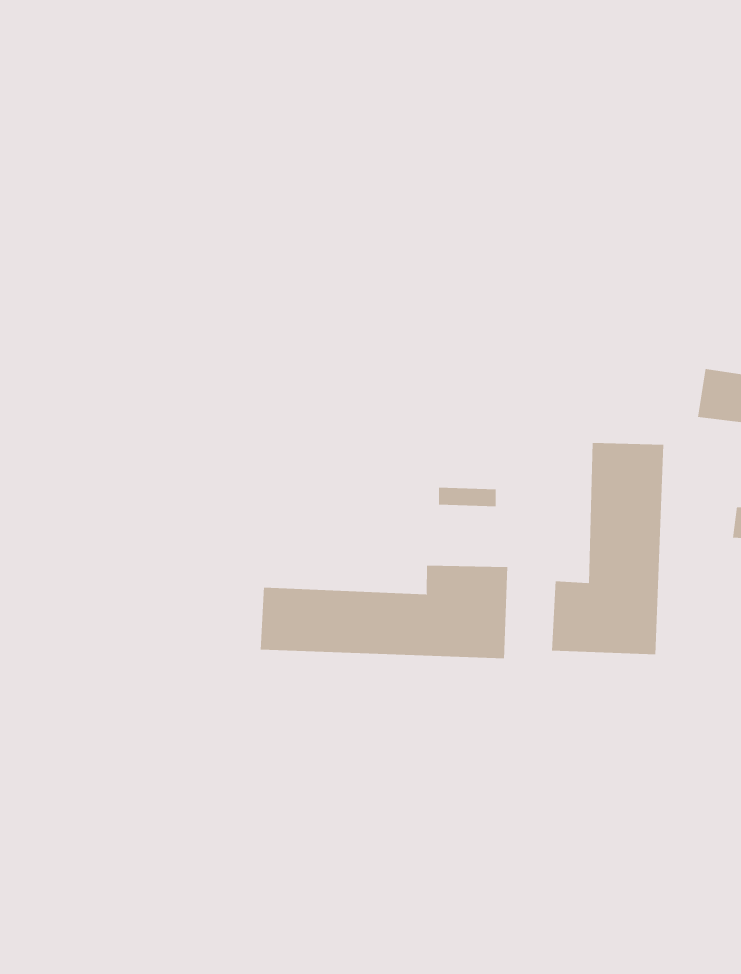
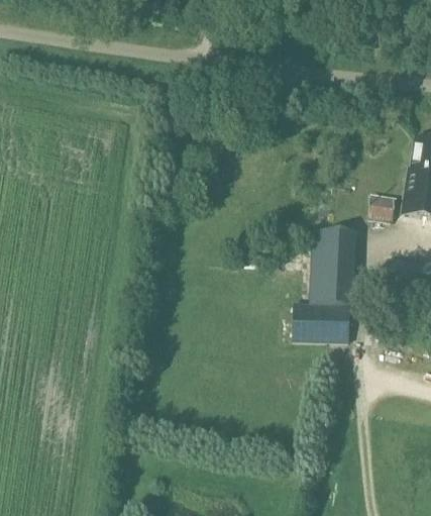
building: [260,565,508,659] -> none

